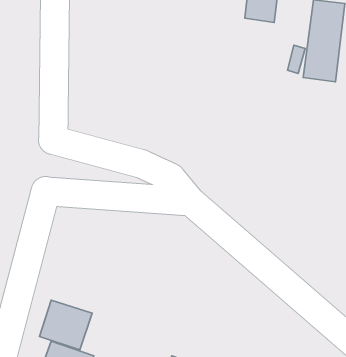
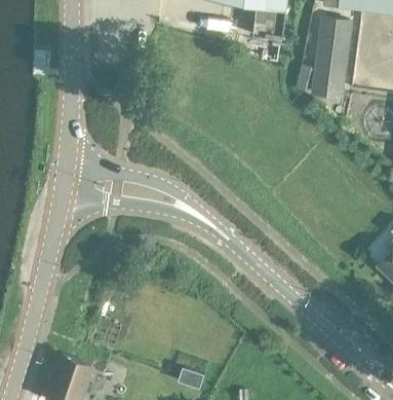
building: [39,300,92,350] -> none

